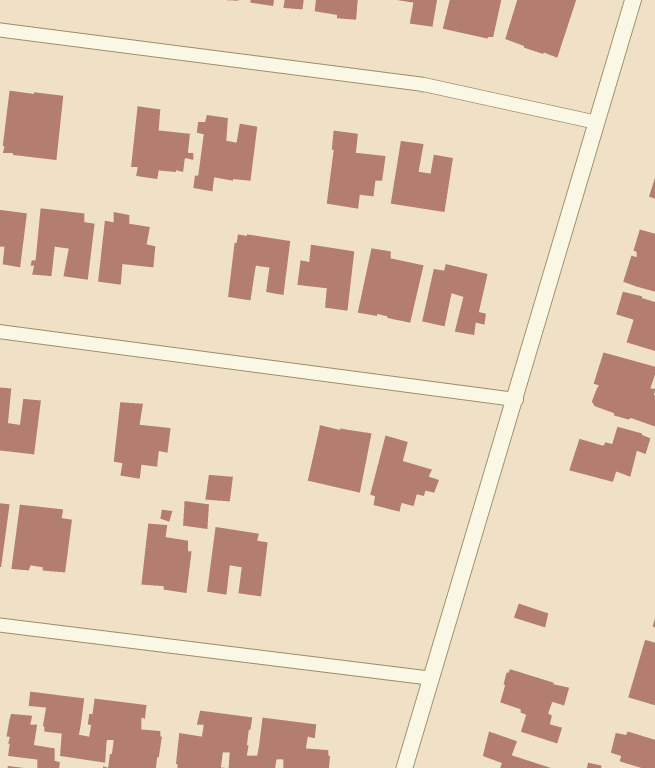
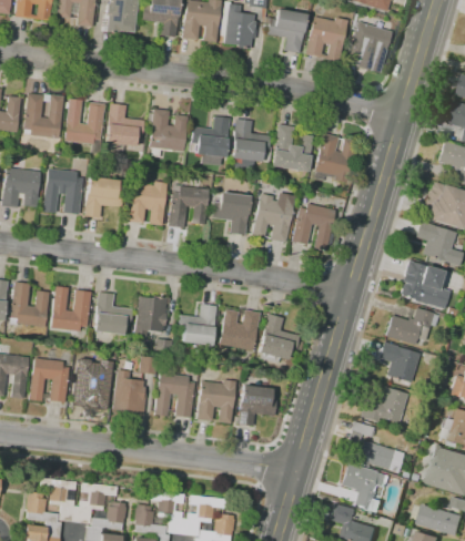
building: none -> [64,99,105,155]
building: none -> [189,116,230,166]
building: none -> [312,133,357,183]
building: none -> [128,182,166,225]
building: none -> [51,286,91,331]
building: none -> [134,296,168,338]
building: none -> [178,305,216,351]
building: none -> [380,341,421,384]
building: none -> [72,365,111,408]
building: none -> [196,380,235,423]
building: none -> [237,386,276,427]
building: none -> [361,387,408,423]
building: none -> [348,438,395,470]

